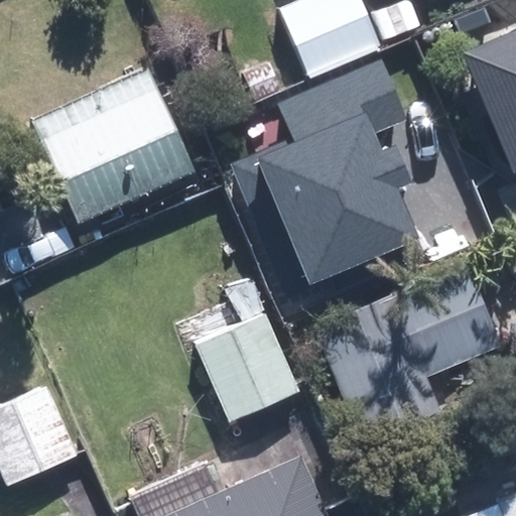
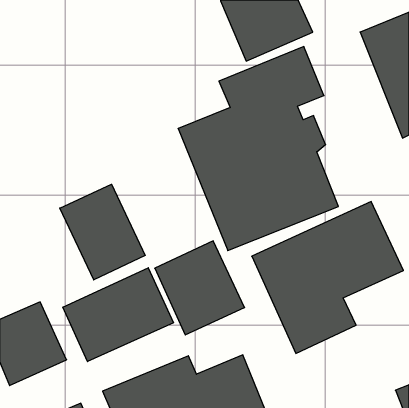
building: [34,63,202,222] -> none
building: none -> [60,184,145,280]
building: none -> [63,268,173,362]

